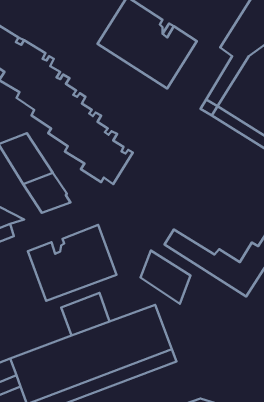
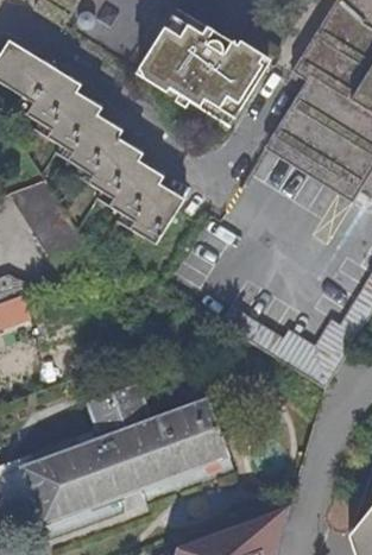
building: [28,225,116,301] -> none
building: [140,250,190,304] -> none

